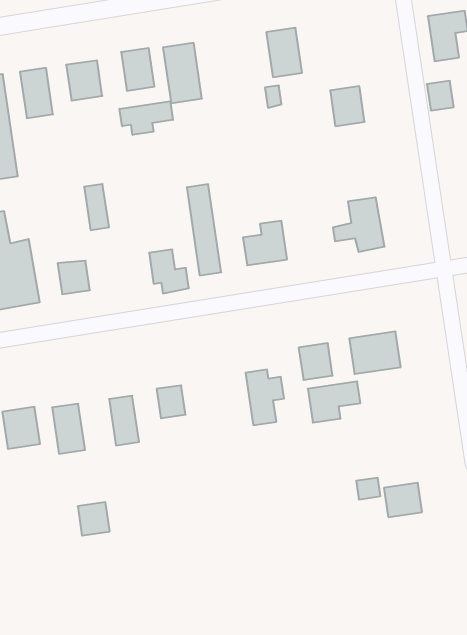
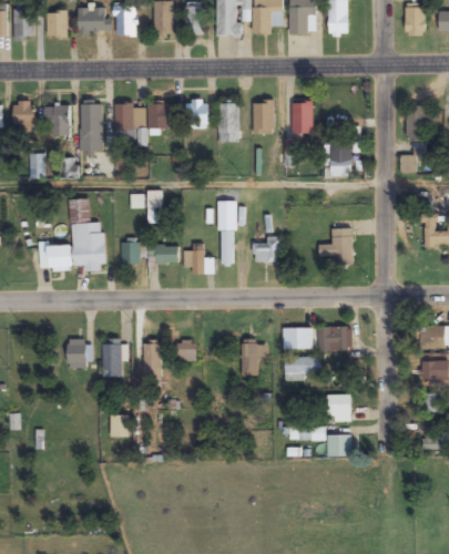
building: none -> [253,100,274,134]
building: [120,101,173,135] -> none
building: none -> [149,245,177,264]
building: none -> [327,393,350,420]

